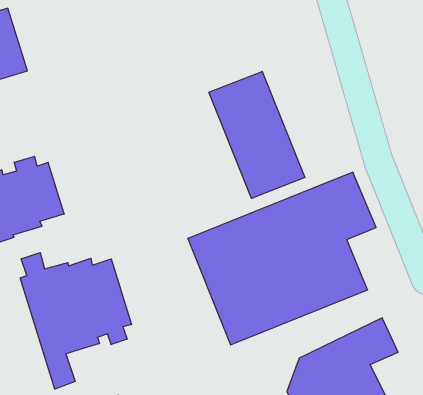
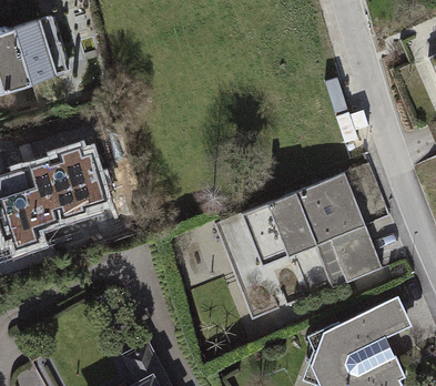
building: [209,71,305,198] -> none
building: [20,253,132,389] -> none

